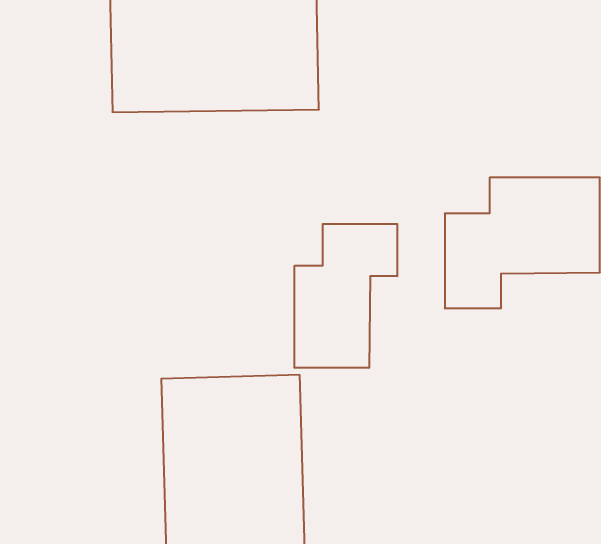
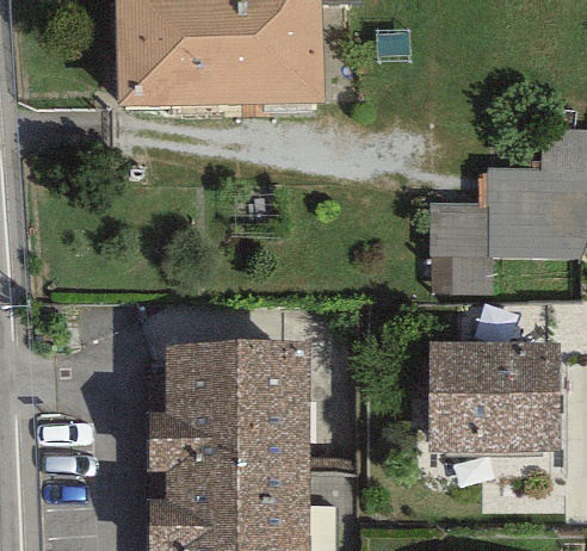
building: [295,224,397,368] -> none
building: none -> [431,353,564,454]

